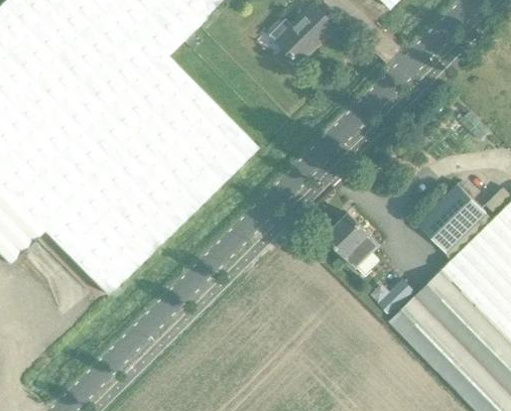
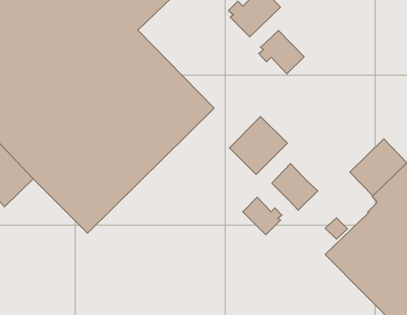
building: none -> [259,30,304,74]
building: none -> [229,117,287,174]
building: none -> [243,197,282,235]

